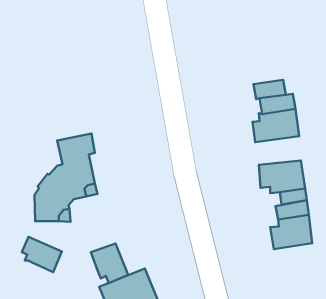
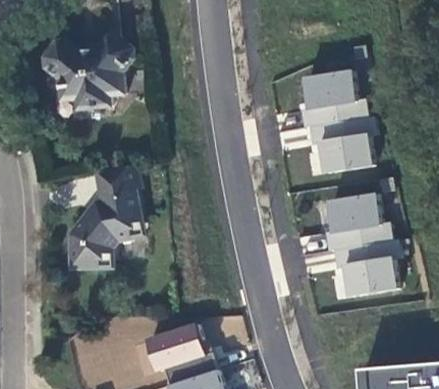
building: none -> [44,35,133,106]
building: none -> [304,72,353,109]
building: [22,237,62,272] -> none
building: [91,243,128,283] -> none

